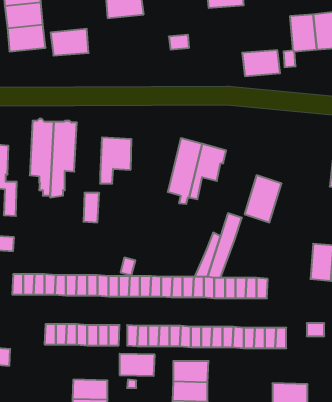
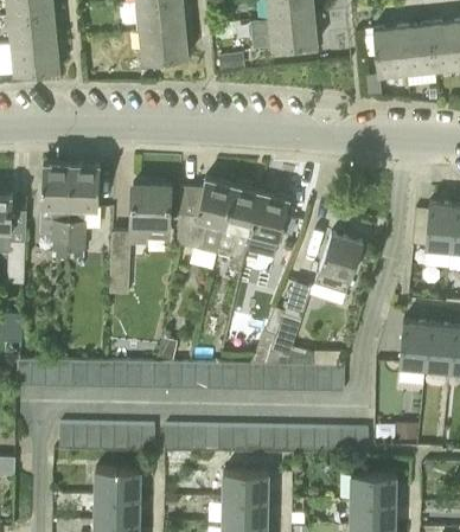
building: [51,29,89,56] -> [139,27,187,62]
building: [242,50,280,76] -> [268,15,317,49]
building: none -> [177,179,232,255]
building: [120,354,155,376] -> [95,468,140,496]
building: none -> [350,474,396,501]

